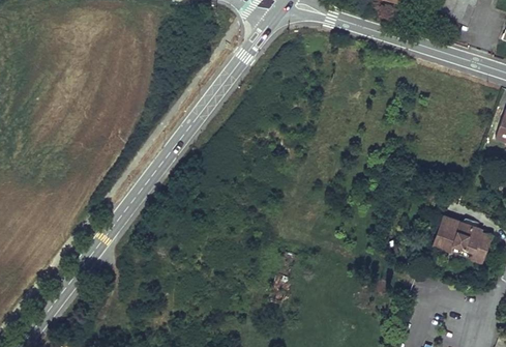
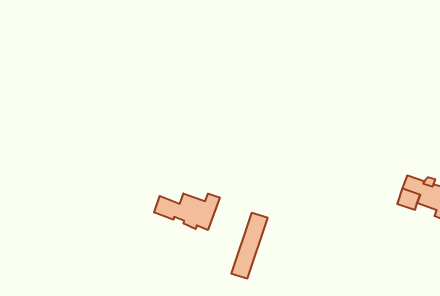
building: none -> [154,193,220,230]

